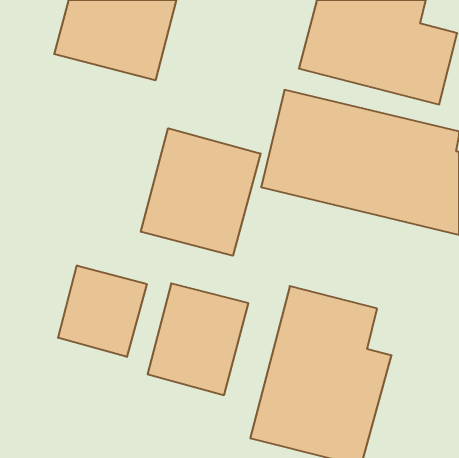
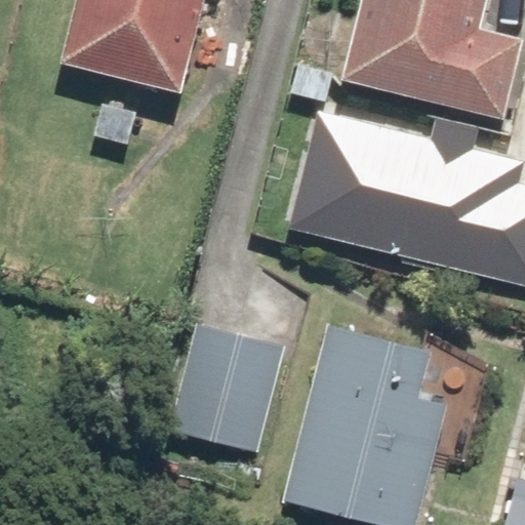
building: [141,128,261,256] -> none
building: [58,265,147,357] -> none

